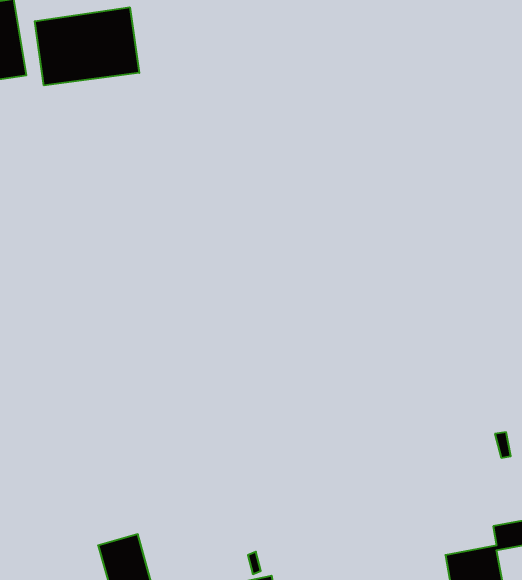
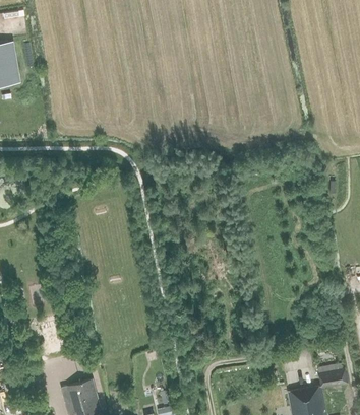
building: [35,7,139,85] -> none

